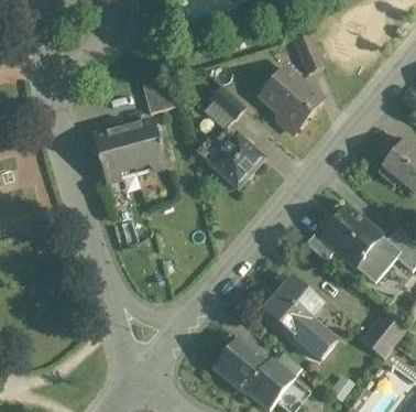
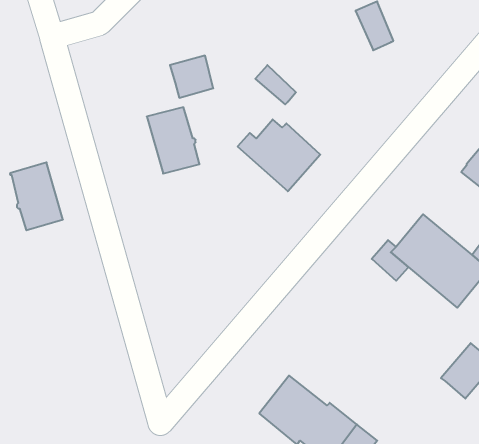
building: [267,67,321,132] -> none
building: [94,127,136,182] -> [10,162,63,230]
building: [264,277,336,358] -> none

